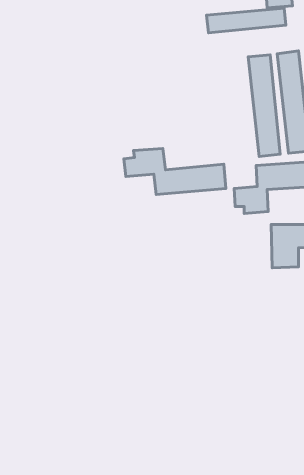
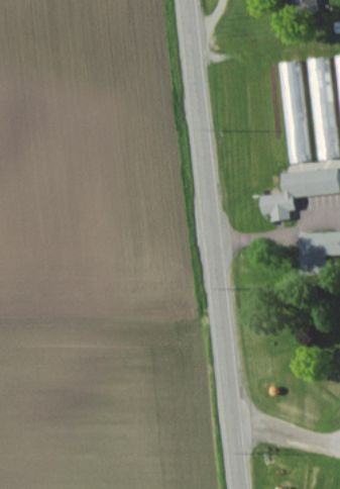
building: [207,8,286,33] -> none
building: [124,148,226,195] -> none

